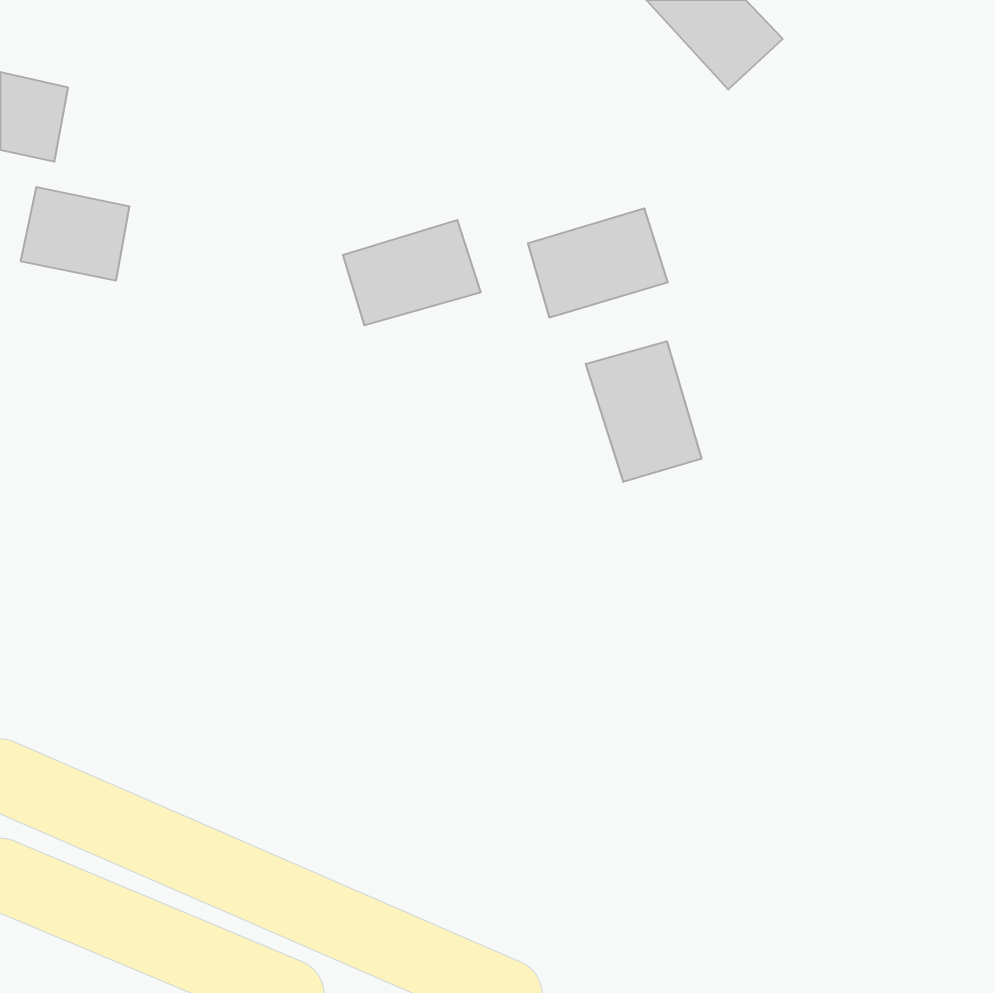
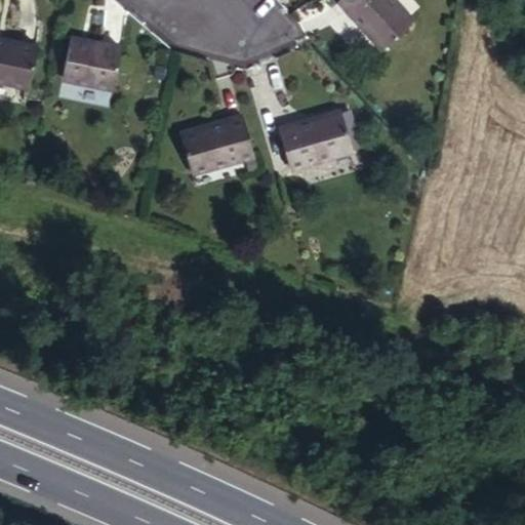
building: [21,187,130,280] -> [63,38,120,87]
building: [586,341,701,482] -> none

